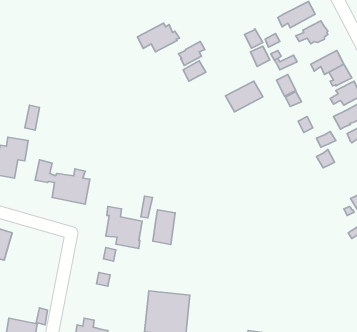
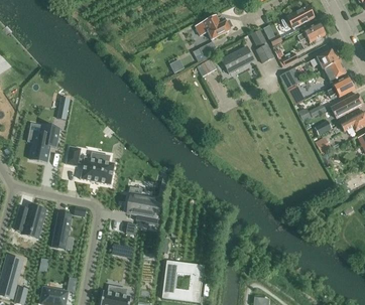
building: [137,23,179,52] -> [195,14,232,39]
building: [225,81,263,112] -> [221,45,254,72]
building: [153,210,175,244] -> none
building: none -> [51,212,74,250]

